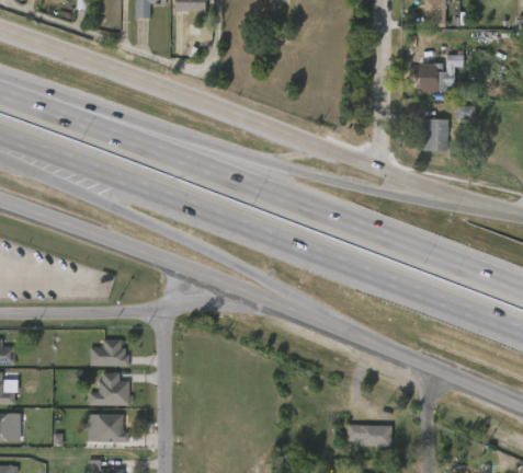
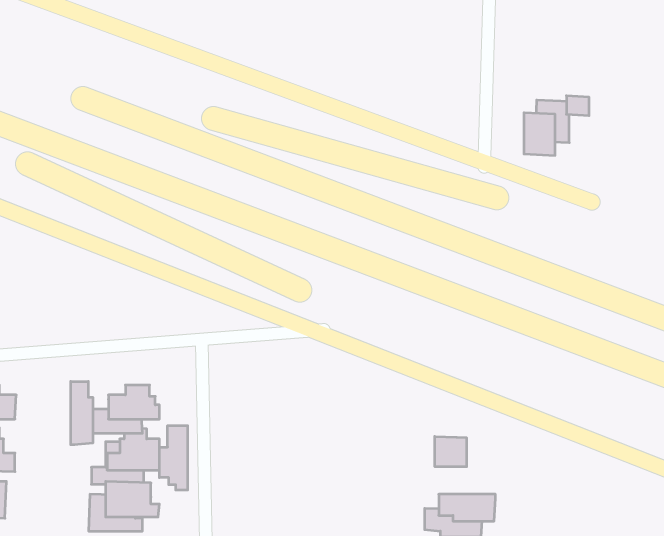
building: [422,53,466,90] -> none
building: none -> [71,381,93,445]
building: none -> [159,426,188,490]
building: none -> [435,436,467,467]

